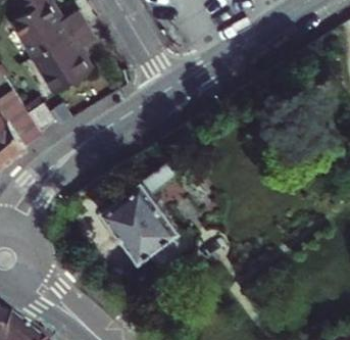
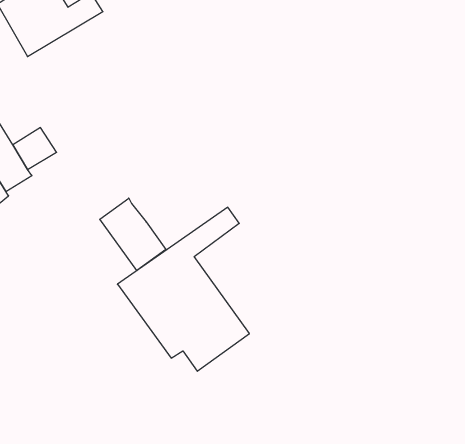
building: [35,18,95,85] -> none
building: none -> [100,198,166,271]

